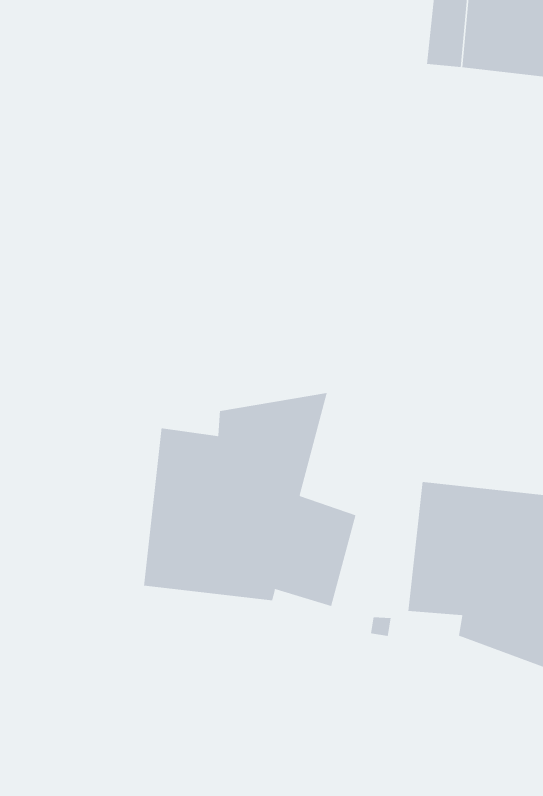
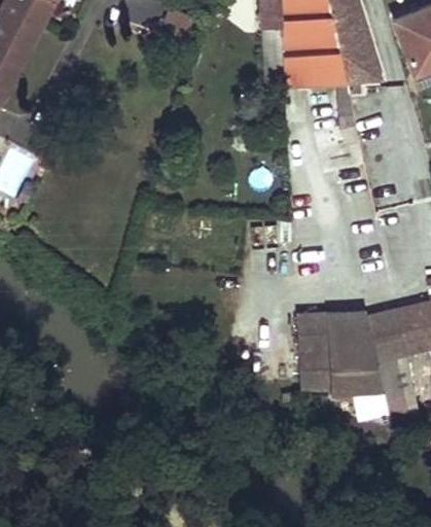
building: [143,392,356,607] -> none

